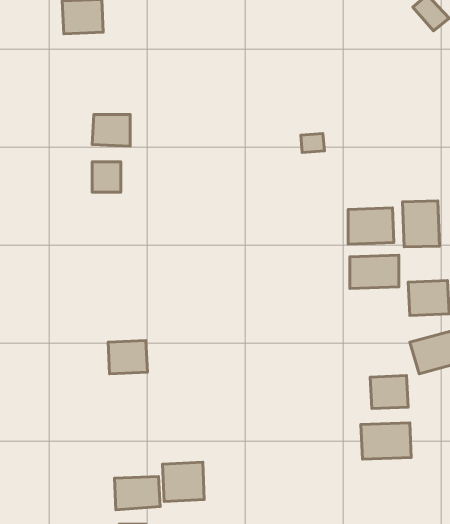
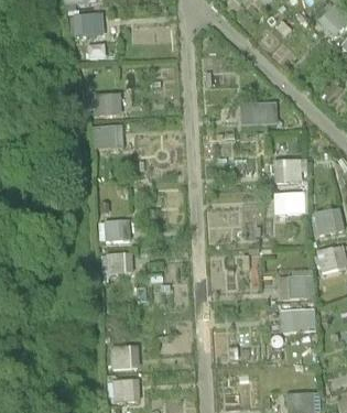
building: [402,201,439,247] -> none
building: none -> [101,219,133,240]
building: [162,462,204,502] -> none

